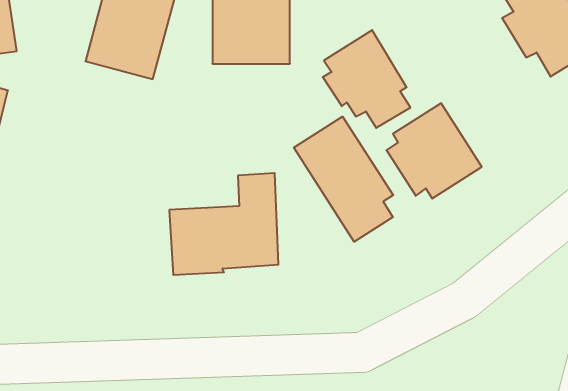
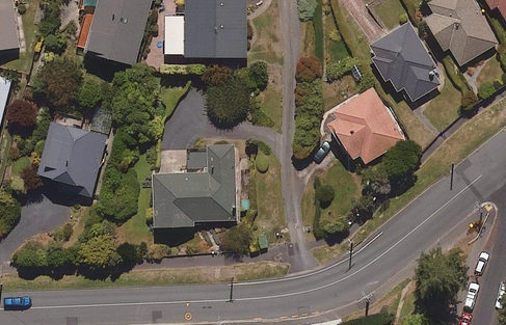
building: [323,30,410,128] -> [368,21,440,101]
building: [294,117,393,242] -> none
building: none -> [42,118,109,194]

